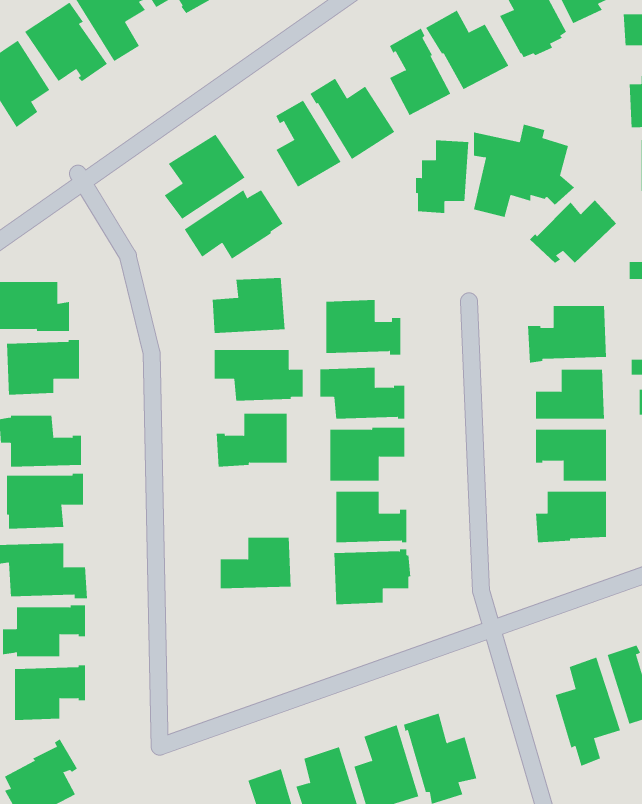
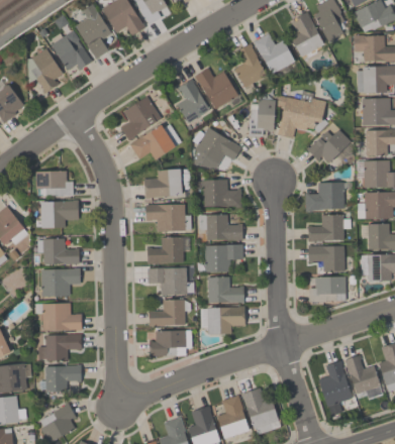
building: none -> [192,127,241,169]
building: none -> [147,267,193,295]
building: none -> [149,331,191,355]

